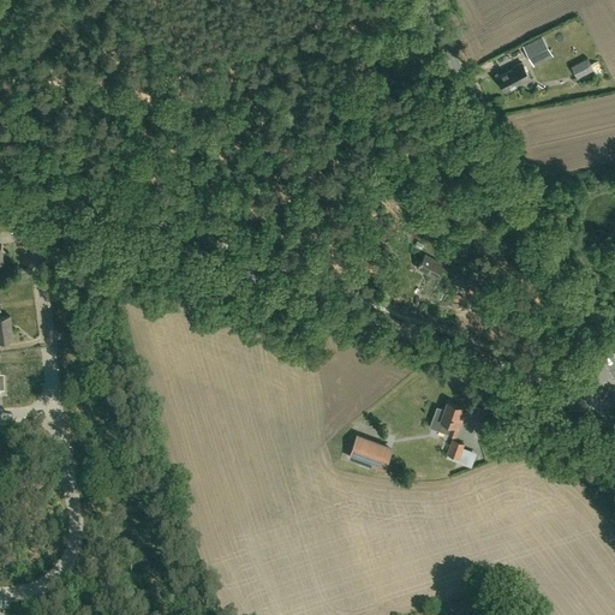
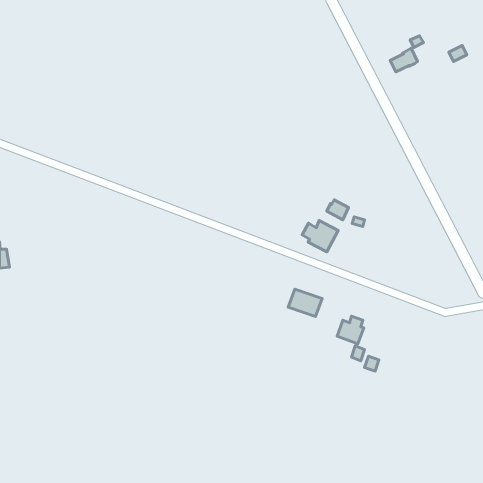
building: none -> [302,220,338,252]
building: [348,431,392,466] -> [288,289,322,317]

